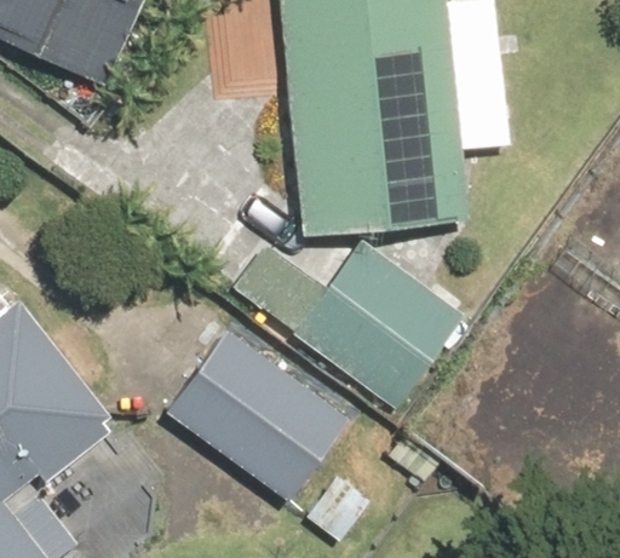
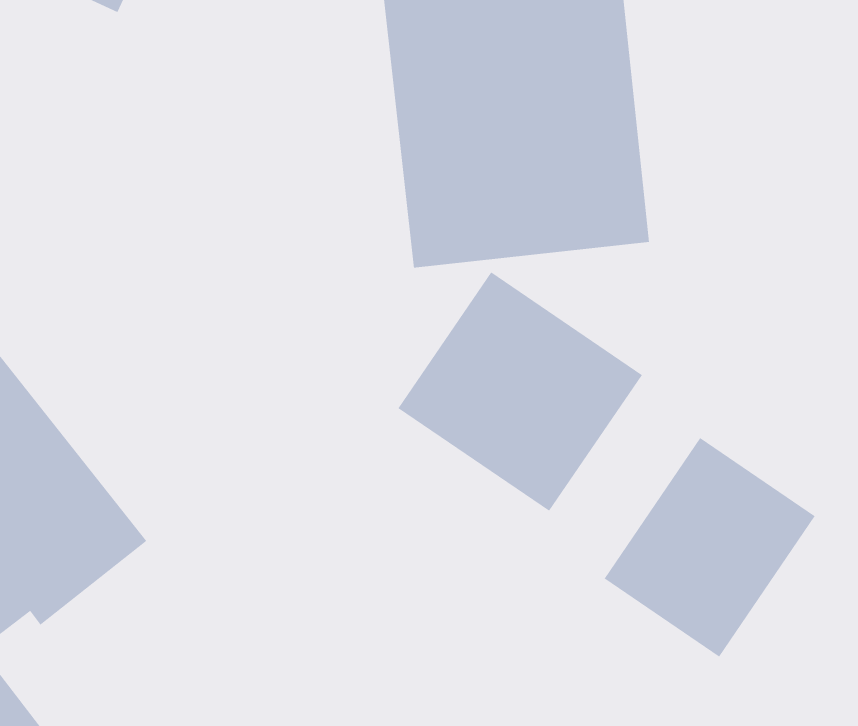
building: [160,323,378,541] -> none
building: none -> [604,437,816,658]

